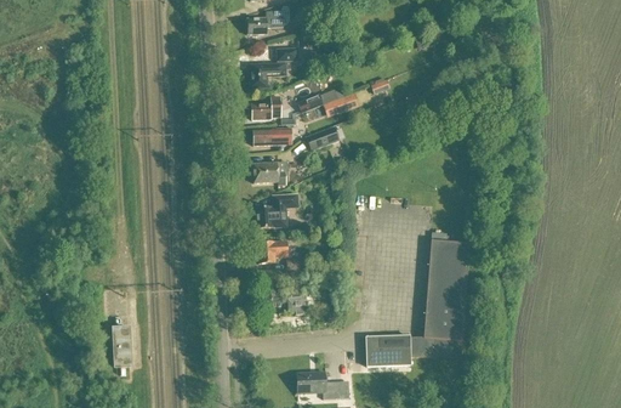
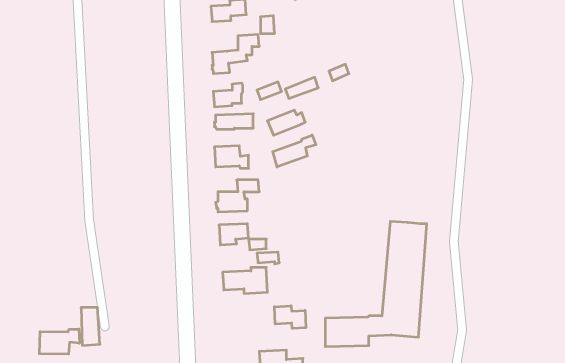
building: none -> [273,135,316,167]
building: none -> [274,306,306,328]
building: none -> [39,329,79,354]

